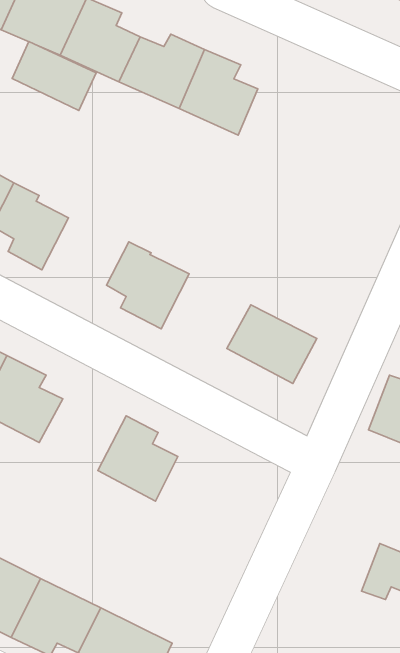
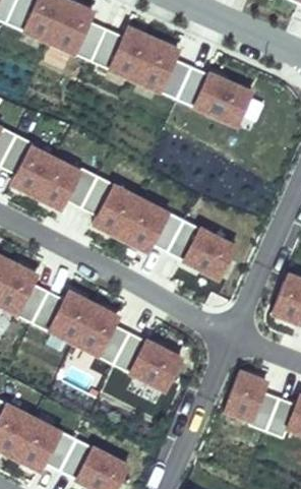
building: [12,42,96,111] -> none
building: none -> [177,66,251,126]
building: none -> [35,160,98,209]
building: none -> [121,200,186,254]
building: none -> [33,290,96,343]
building: none -> [117,332,182,389]
building: none -> [225,369,280,430]

